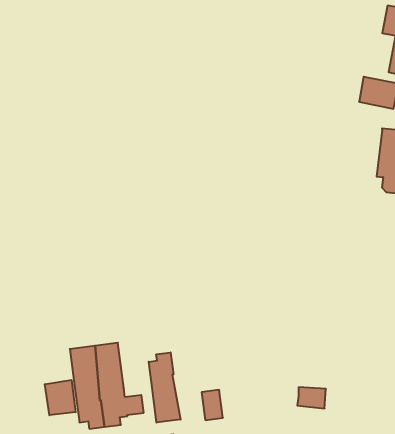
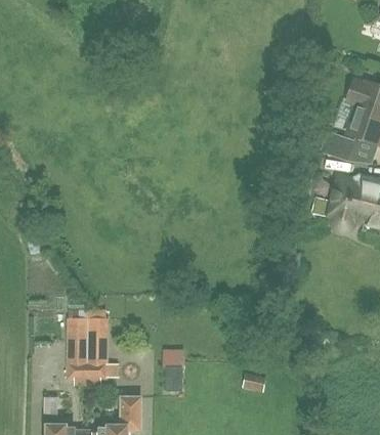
building: [149,352,181,423] -> none
building: [45,380,76,415] -> none

